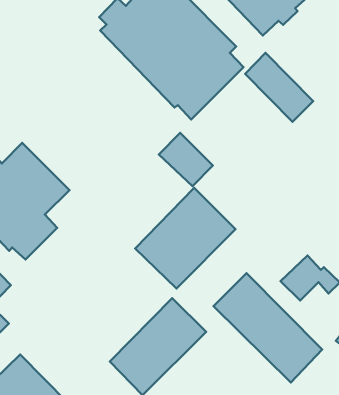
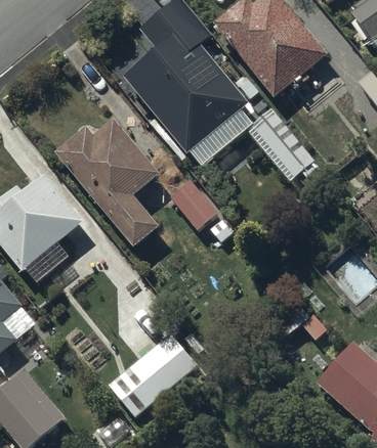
building: none -> [53,119,159,248]
building: [135,188,236,288] -> none
building: [214,273,322,383] -> none

